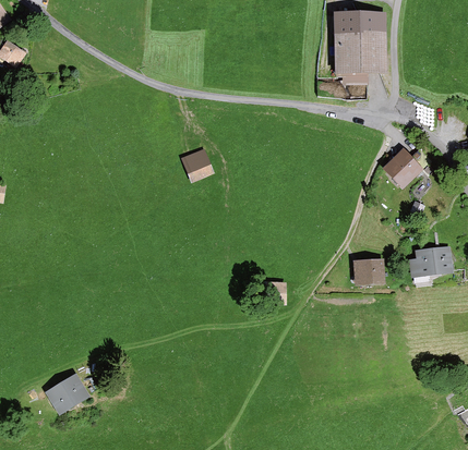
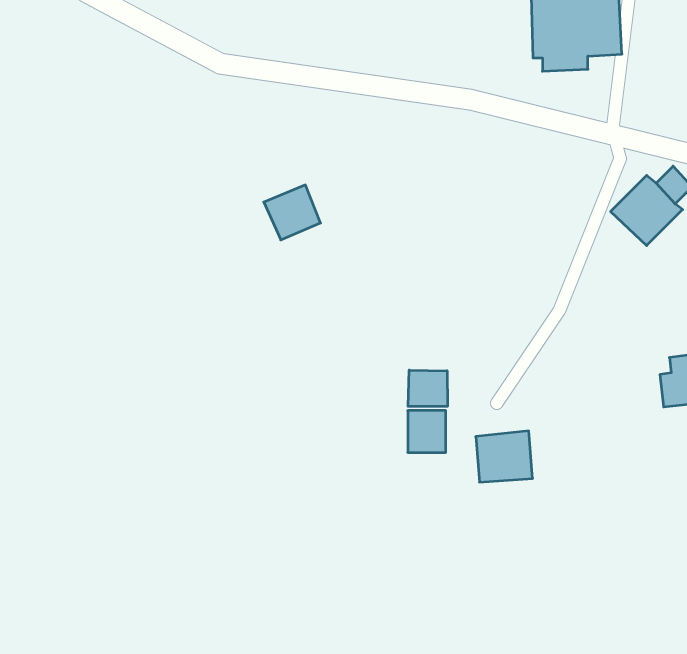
building: none -> [408,370,447,406]
building: [353,258,386,288] -> [476,431,533,482]
building: [41,373,87,415] -> none

